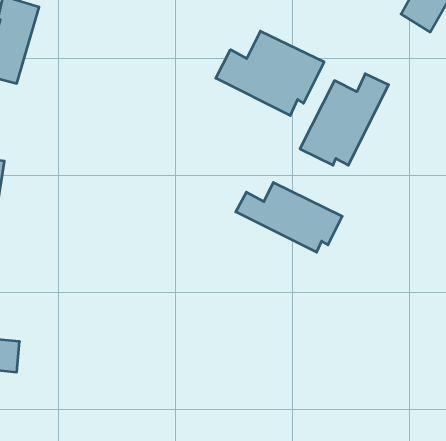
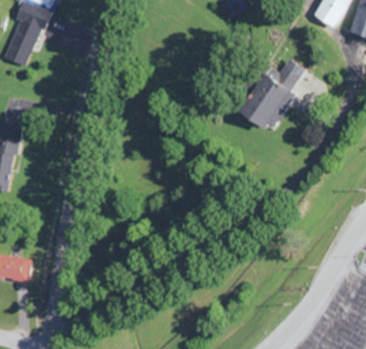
building: [216,31,324,116] -> none
building: [236,182,342,252] -> none

